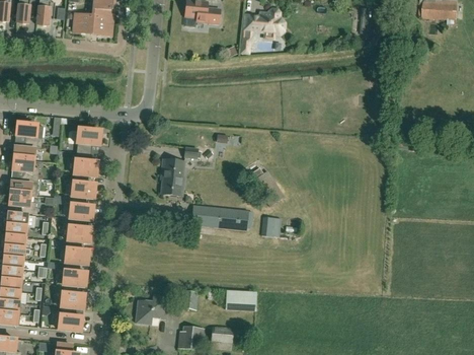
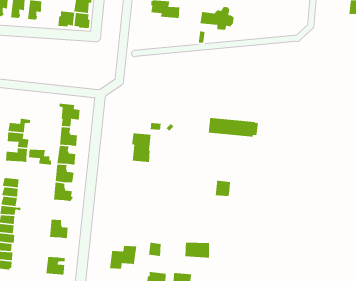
building: [14,119,44,144] -> none
building: [9,194,37,214] -> [28,149,52,166]
building: [191,205,252,229] -> [208,117,259,138]
building: [65,240,89,265] -> none
building: [61,285,84,309] -> none

